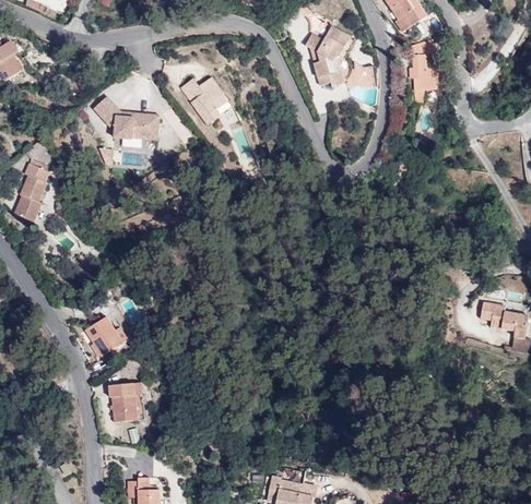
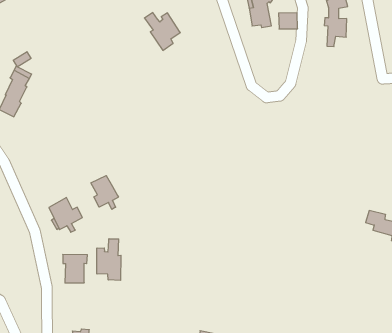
building: [94,96,160,140] -> none
building: none -> [91,176,118,209]
building: none -> [97,239,121,280]

